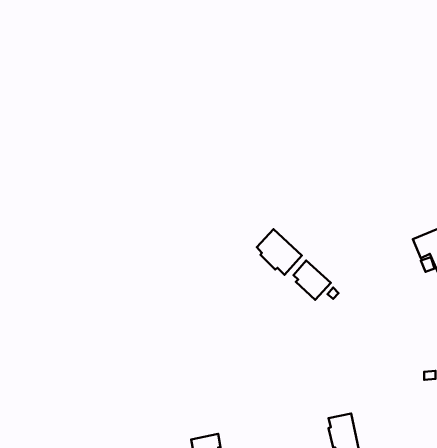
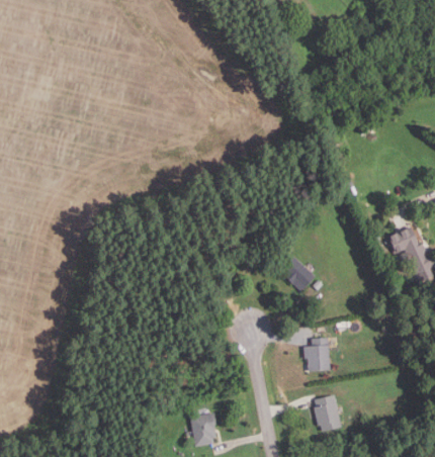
building: [257,229,302,275] -> none
building: none -> [303,337,331,371]

